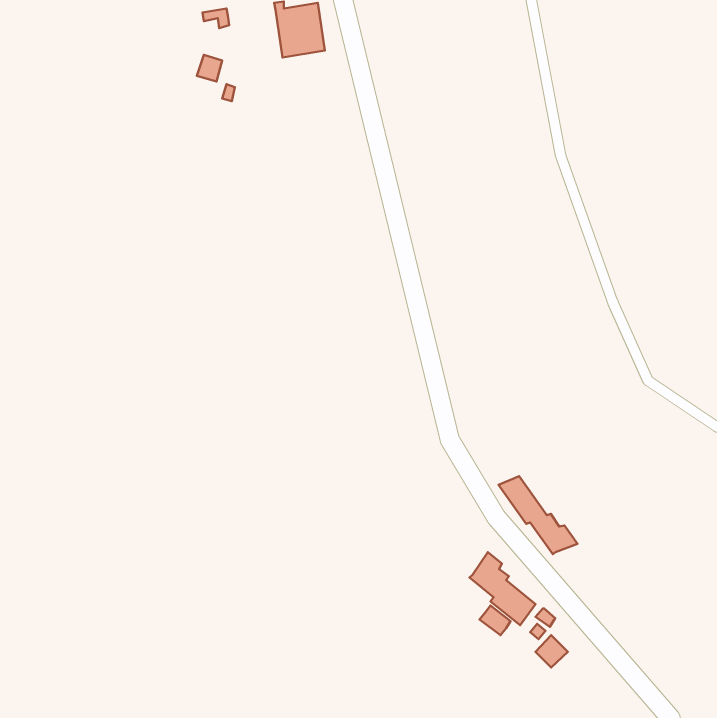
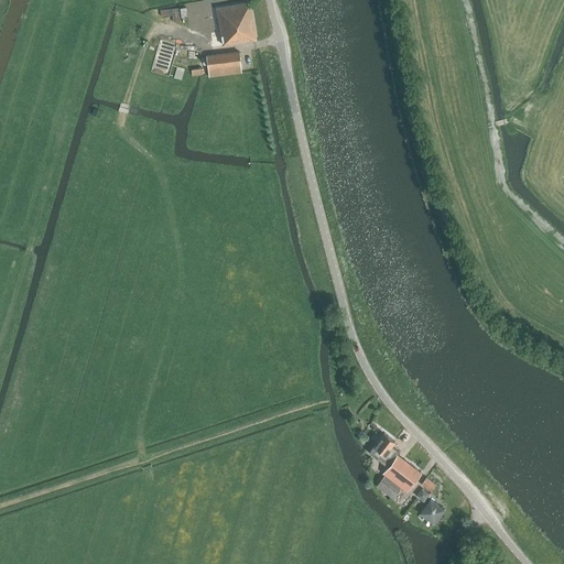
building: none -> [205,52,240,76]
building: [499,476,578,554] -> none

